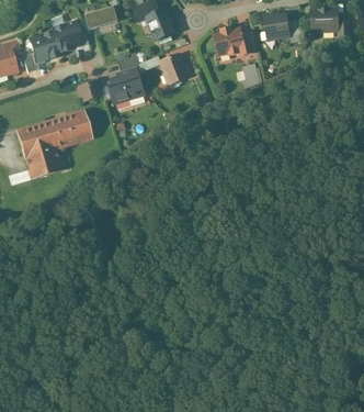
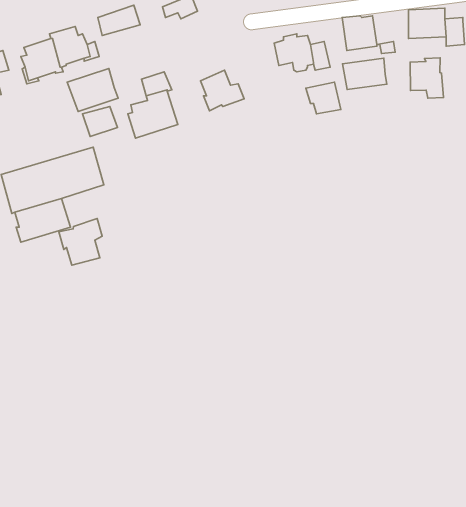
building: [147,9,174,40] -> none
building: none -> [410,58,443,98]
building: none -> [343,58,387,89]
building: none -> [67,68,118,111]
building: none -> [59,219,102,265]

